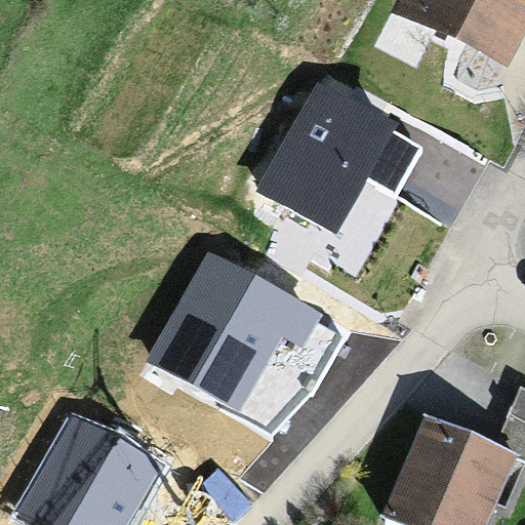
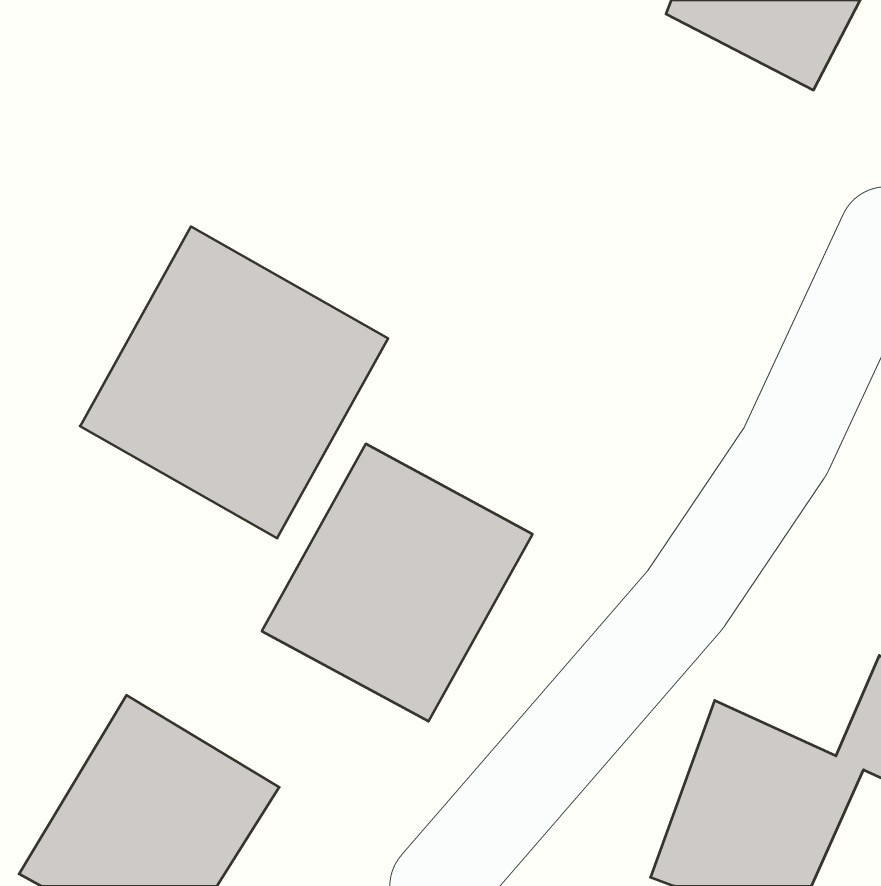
building: [260,78,403,234] -> none
building: none -> [80,227,388,538]

